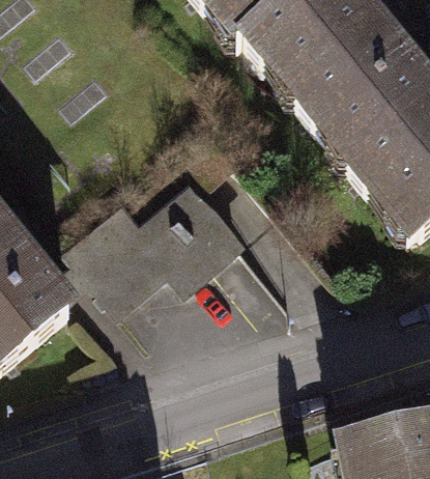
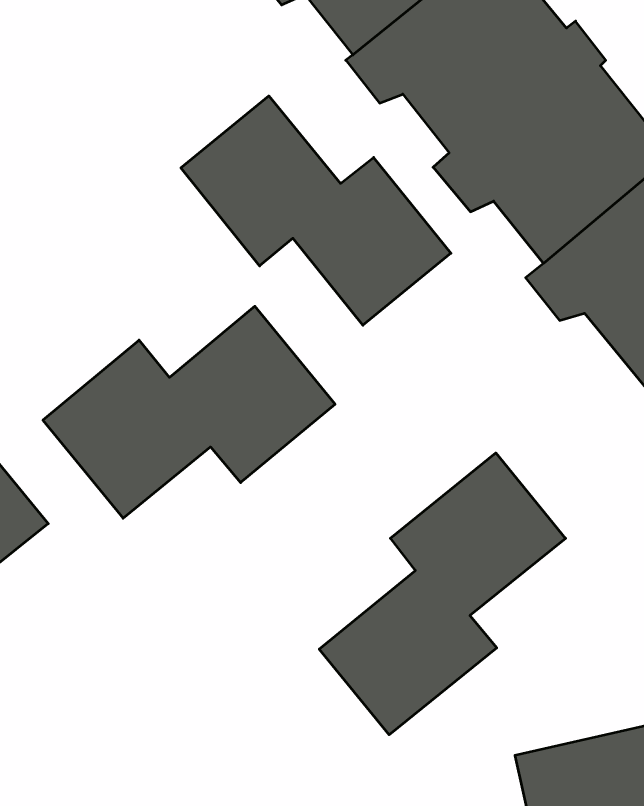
building: none -> [181,96,451,325]
building: none -> [319,453,566,735]

